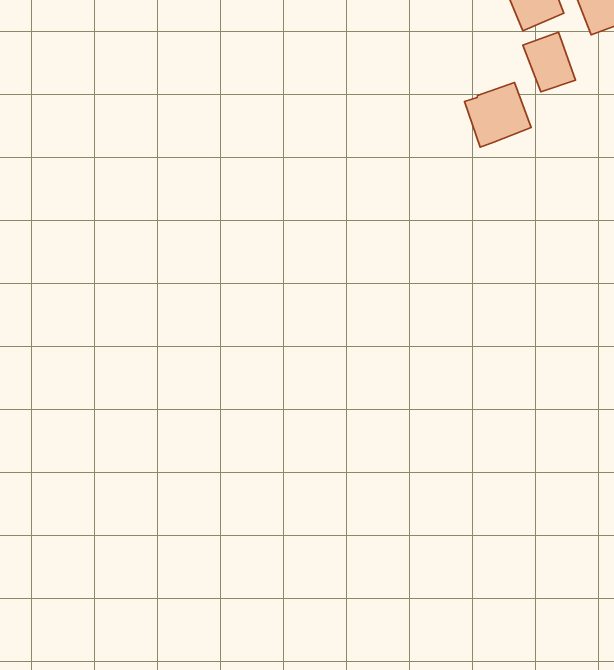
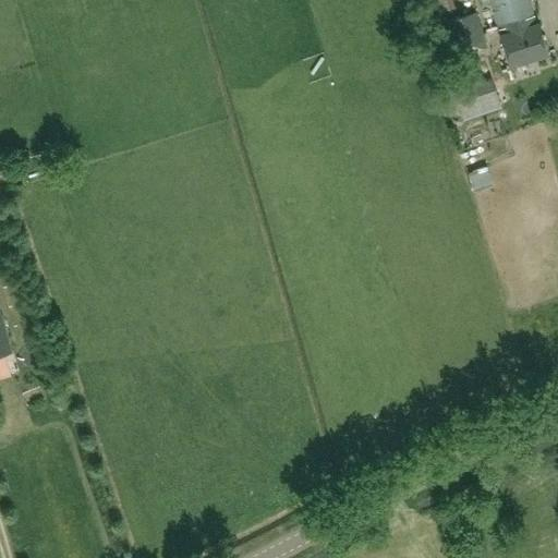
building: [464,83,531,147] -> none

